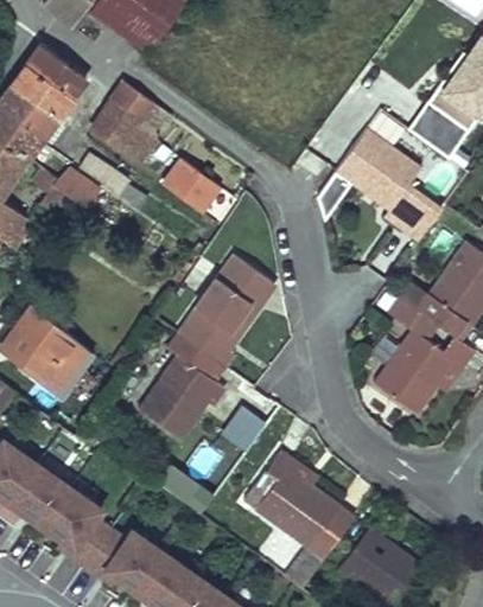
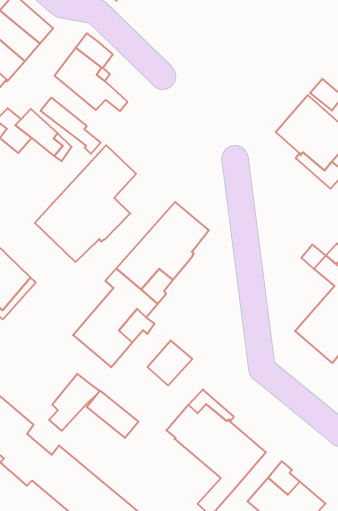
building: [163,158,220,211] -> none
building: none -> [35,145,136,262]
building: none -> [49,374,100,431]

